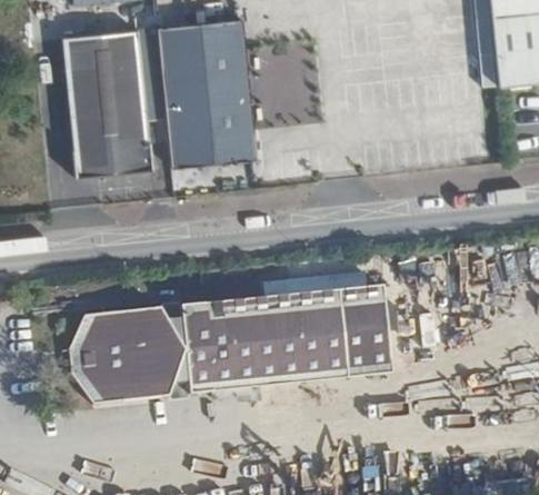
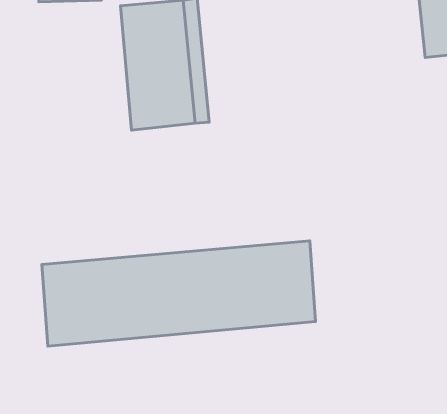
building: [59,26,153,175] -> none

